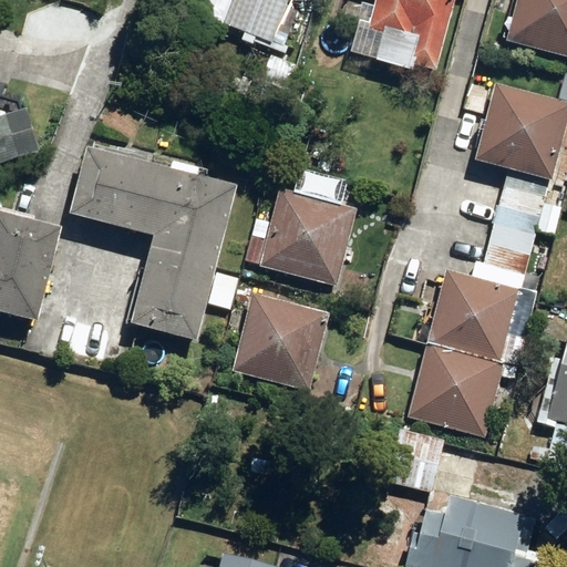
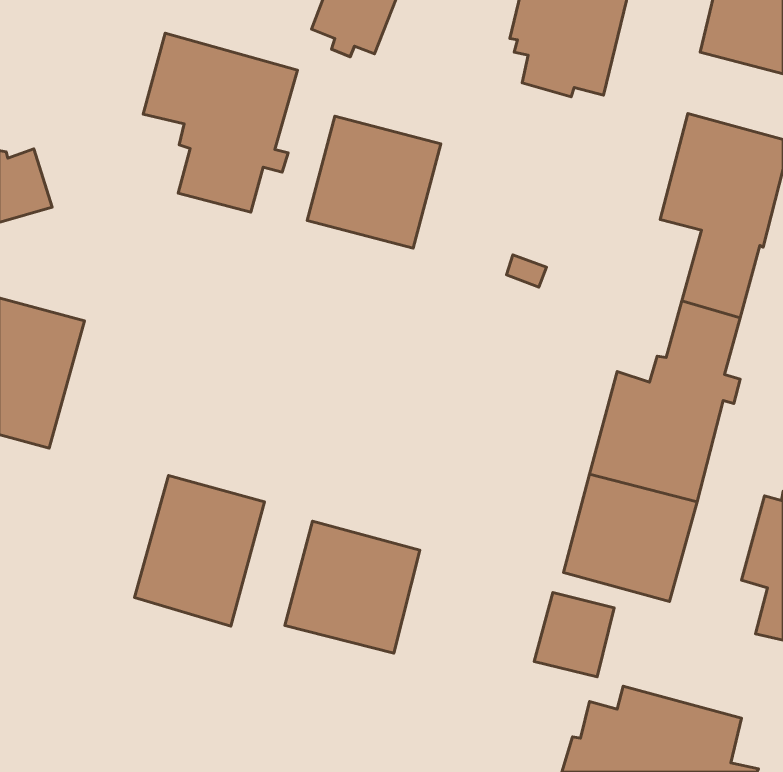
building: none -> [143,33,298,212]
building: [69,151,237,341] -> none
building: [260,187,357,282] -> [307,116,441,248]
building: [230,292,328,388] -> [285,521,420,653]
building: none -> [134,476,265,626]

